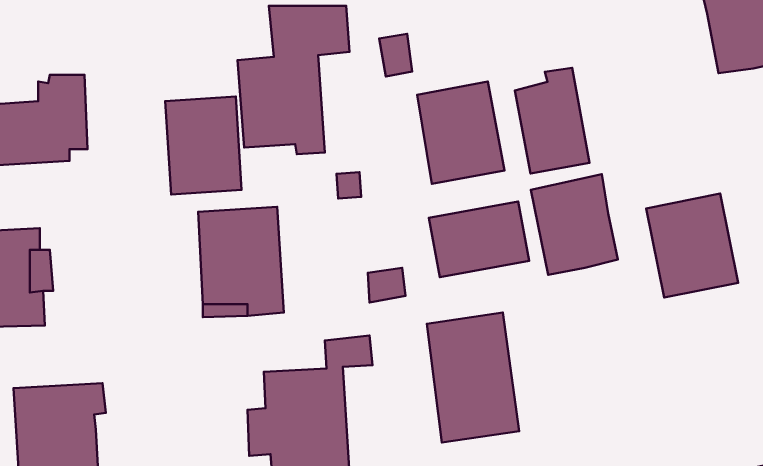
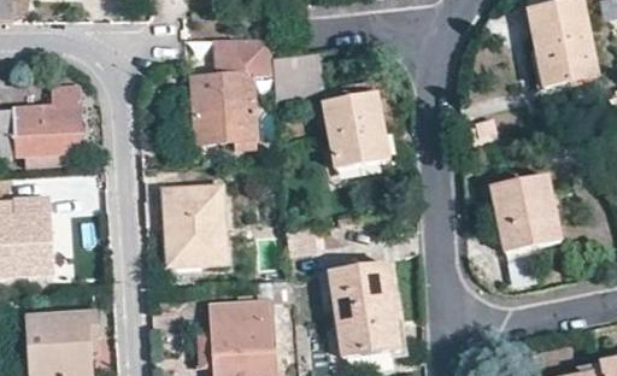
building: [515,68,590,173] -> none
building: [165,97,242,194] -> none
building: [531,174,618,275] -> none
building: [429,202,529,277] -> none

